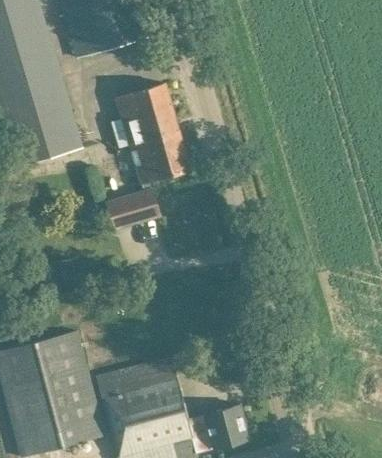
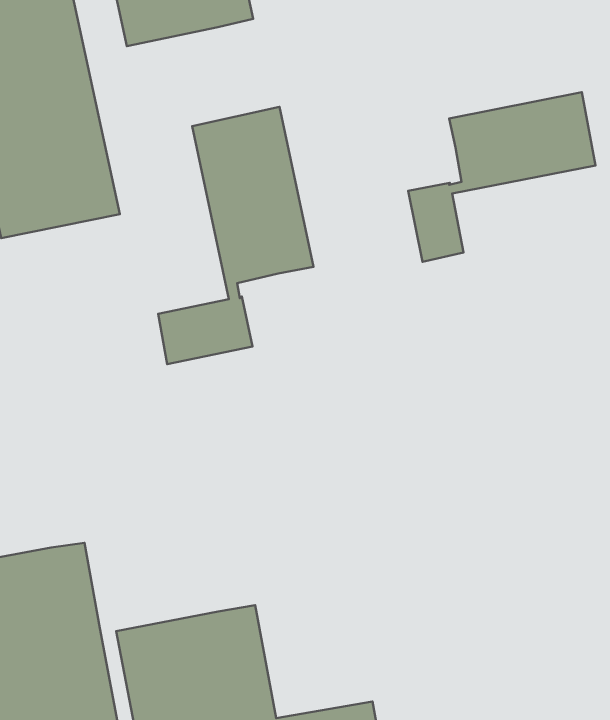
building: none -> [408,92,596,262]

